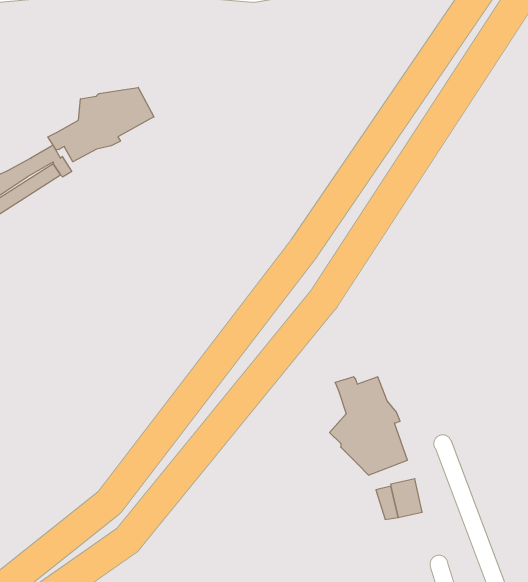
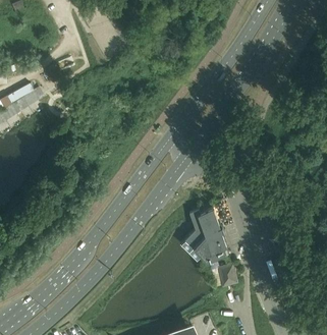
building: [48,87,154,162] -> none

